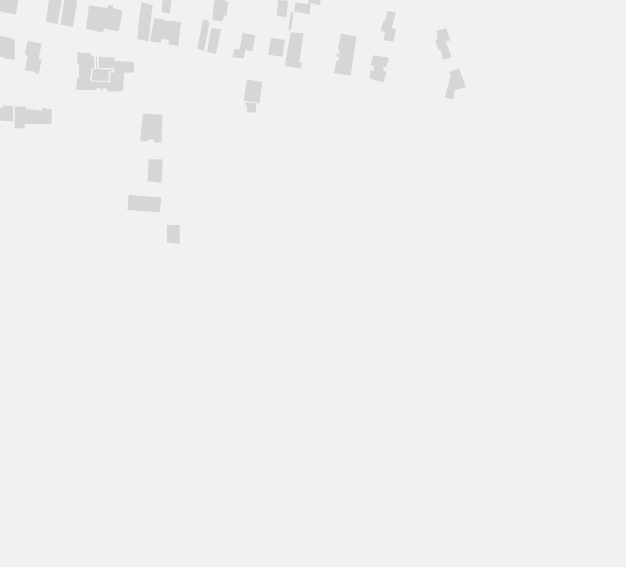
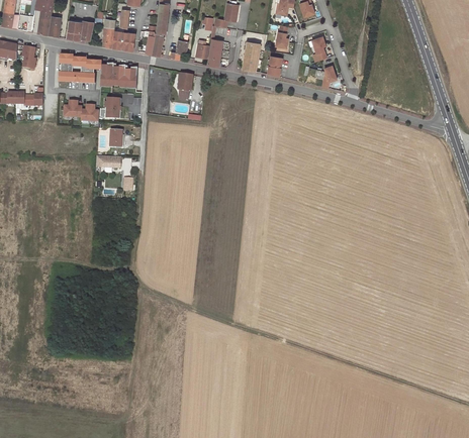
building: none -> [100,62,137,86]
building: none -> [64,100,99,120]

